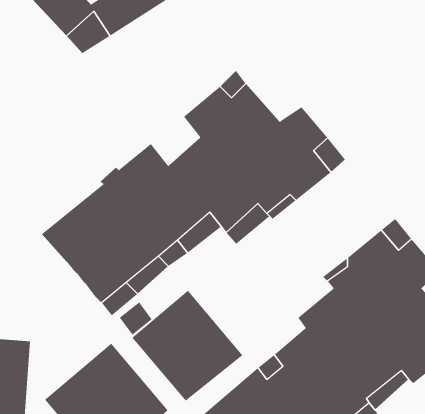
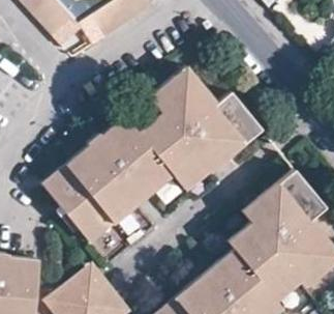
building: [132,290,243,402] -> none

